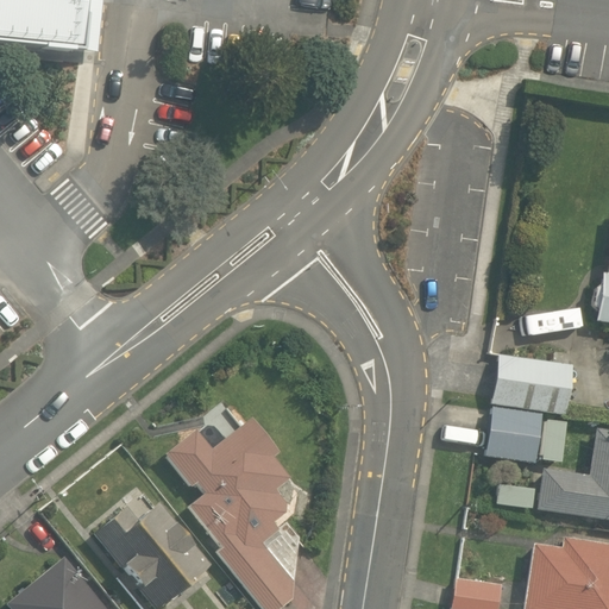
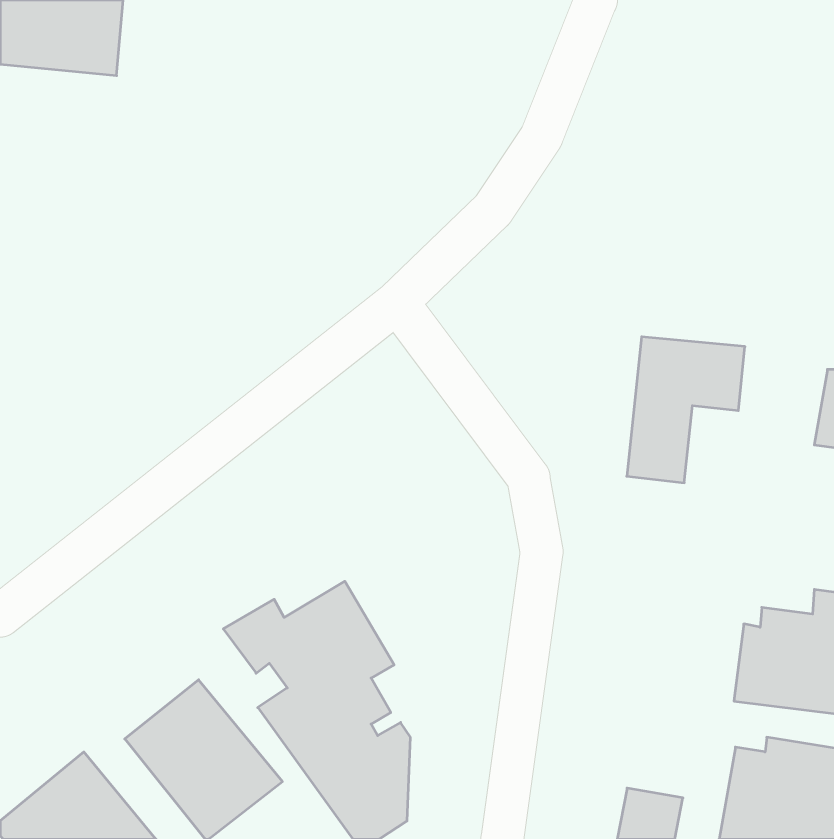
building: [490,358,576,464] -> [627,337,745,483]

